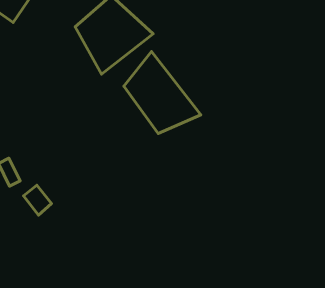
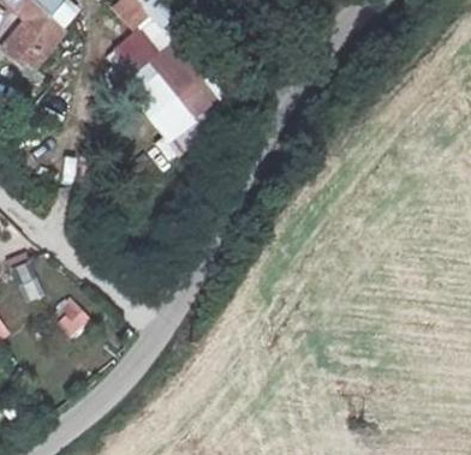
building: [124,51,201,134] -> none

